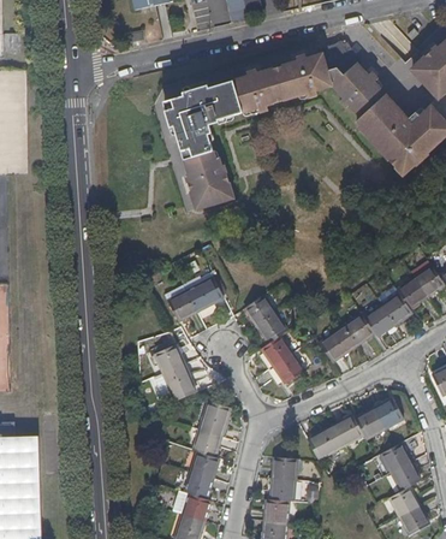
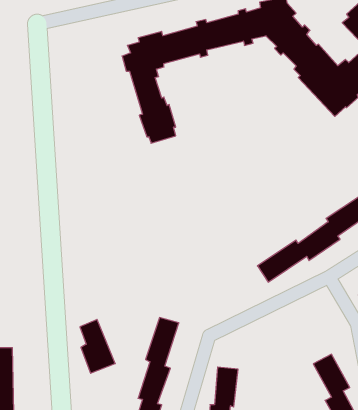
building: [167,276,224,319] -> none
building: [242,295,302,384] -> none
building: [157,343,197,403] -> [80,319,115,373]
building: [307,399,403,458] -> none

